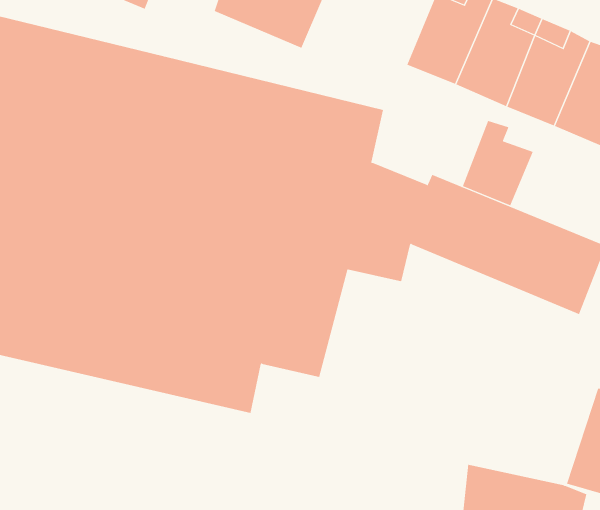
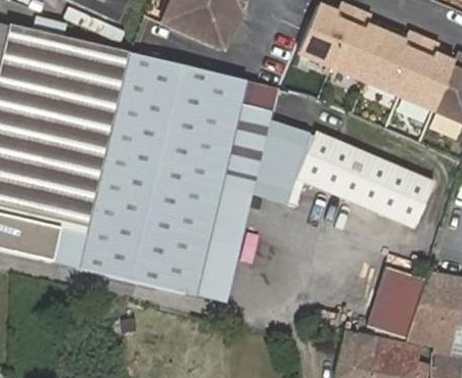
building: [462,120,534,206] -> none
building: none -> [189,261,236,302]
building: none -> [365,266,423,338]

